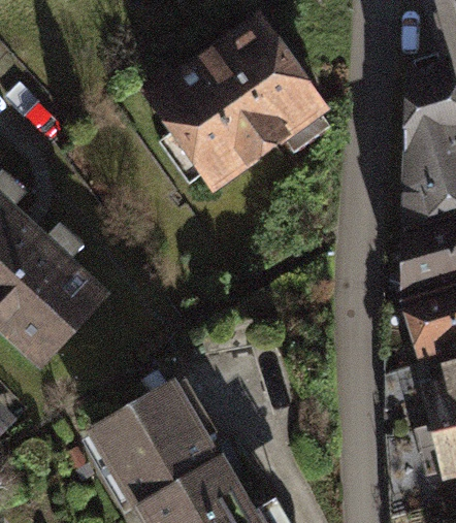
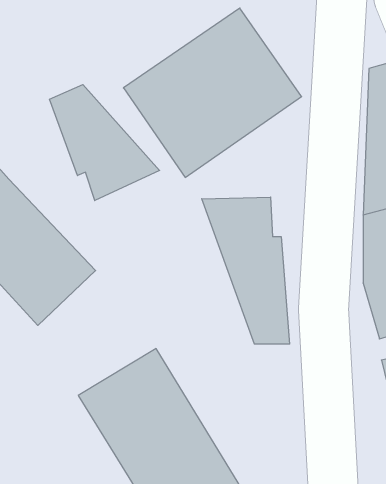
building: none -> [50,85,160,201]
building: none -> [202,197,290,344]

